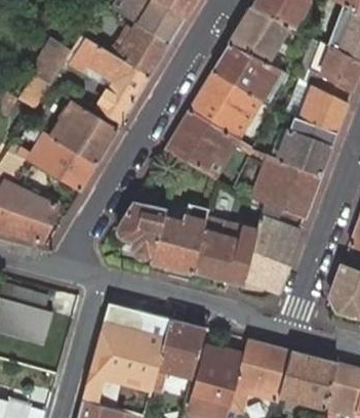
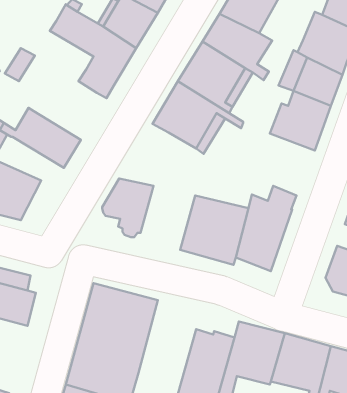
building: [32,39,73,84] -> none
building: [51,101,119,165] -> none
building: [248,149,321,218] -> none
building: [152,204,209,270] -> none
building: [152,319,206,391] -> none

